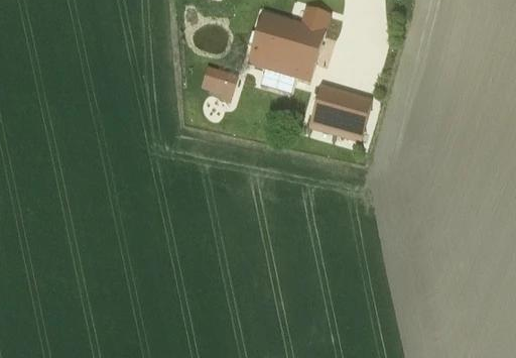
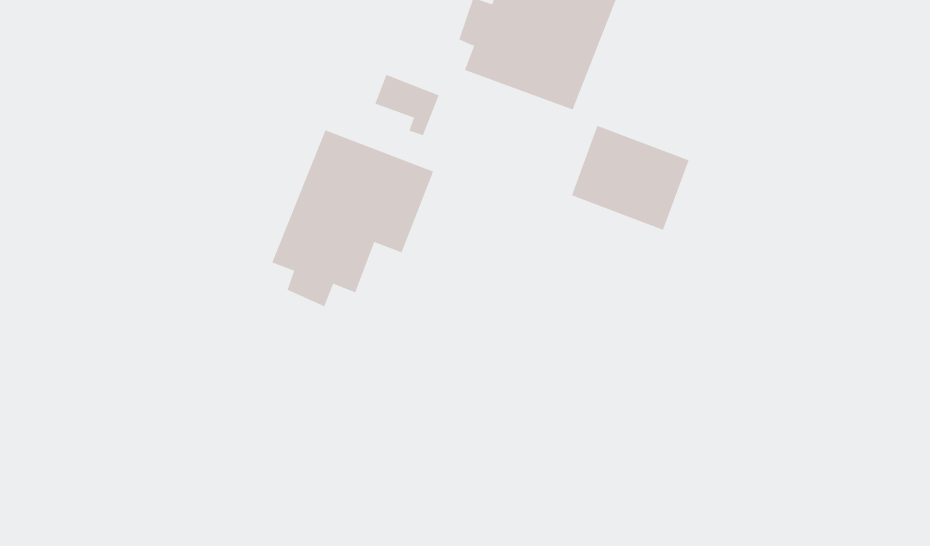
building: none -> [271,130,434,307]

